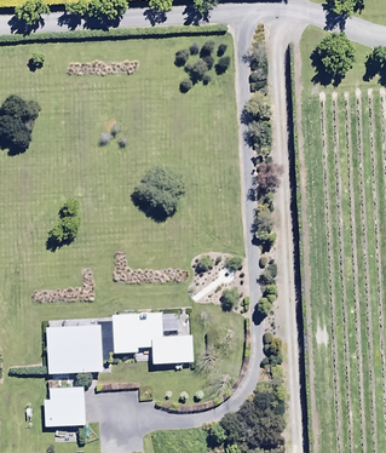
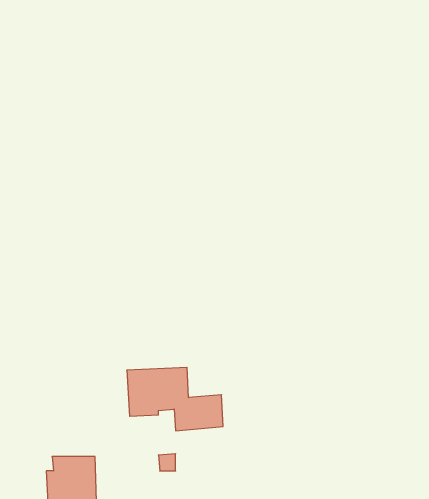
building: [46,325,103,372] -> none

